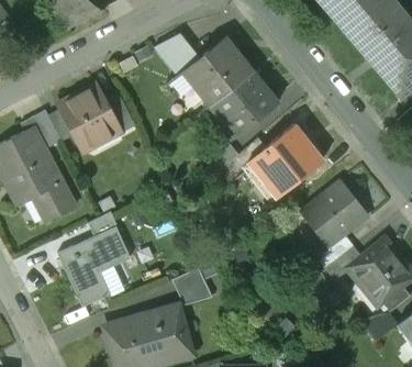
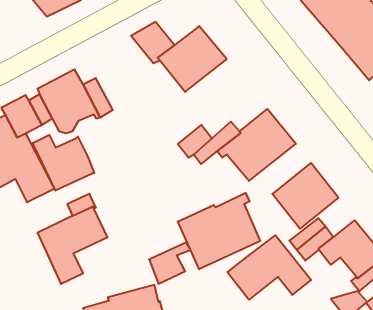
building: [211,73,279,138] -> none
building: none -> [33,135,94,191]
building: none -> [178,193,260,269]
building: none -> [227,235,311,300]

